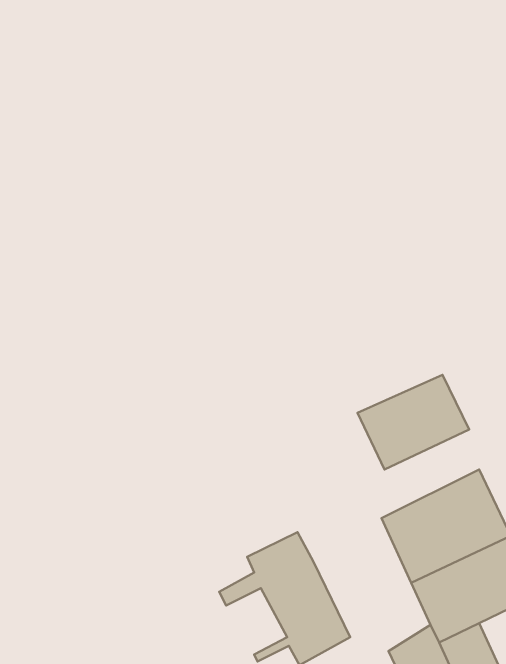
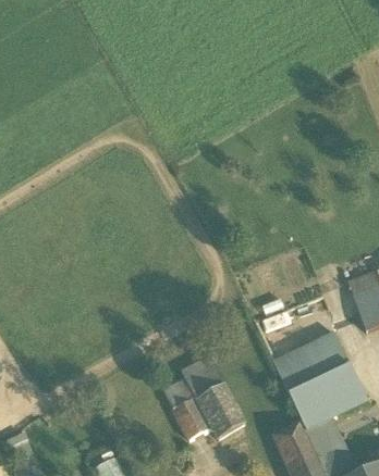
building: [358,375,469,470] -> none
building: none -> [173,399,211,440]

